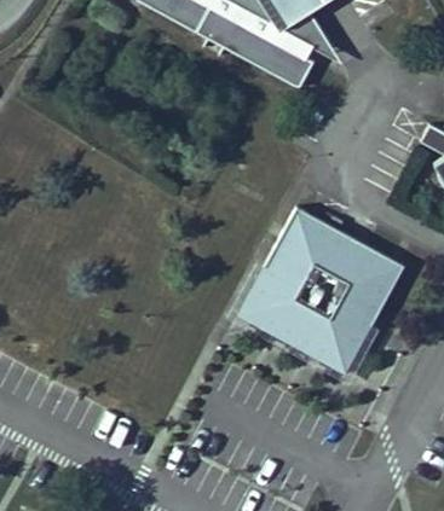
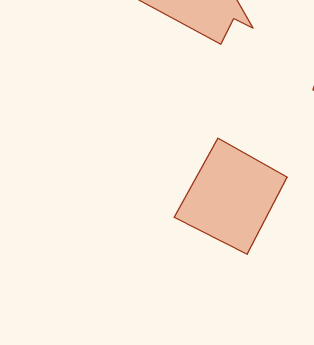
building: [231,256,403,383] -> none

